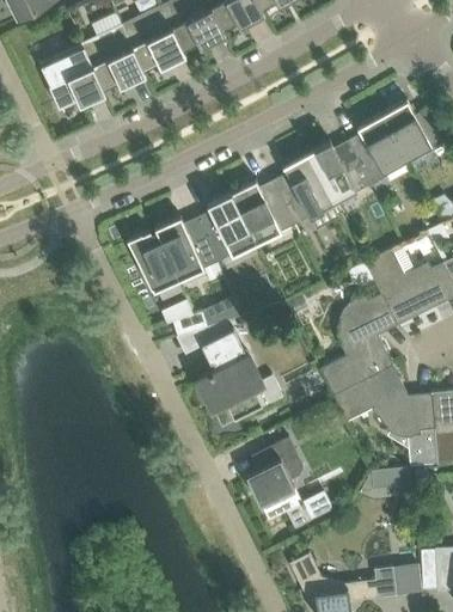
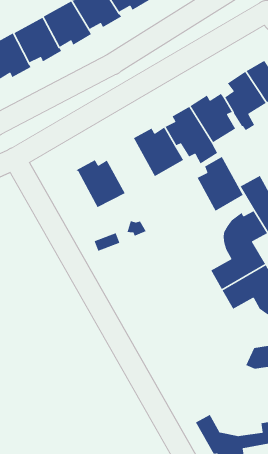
building: [196,192,256,264] -> [197,156,244,212]
building: [128,232,179,293] -> none
building: [197,330,263,423] -> none
building: [246,439,311,531] -> none

